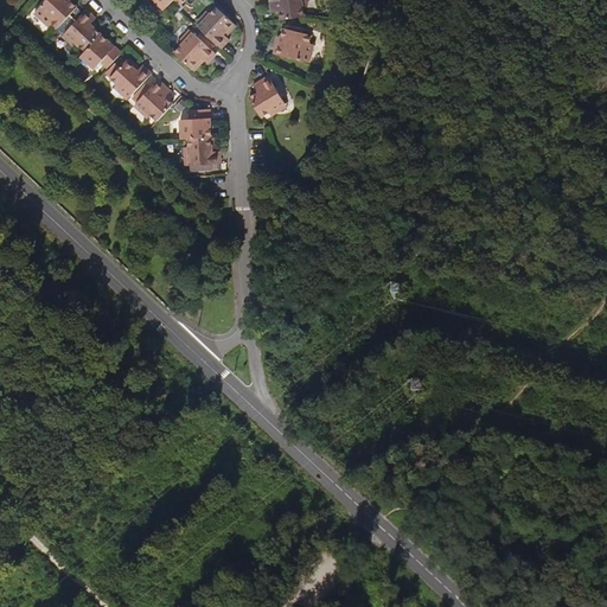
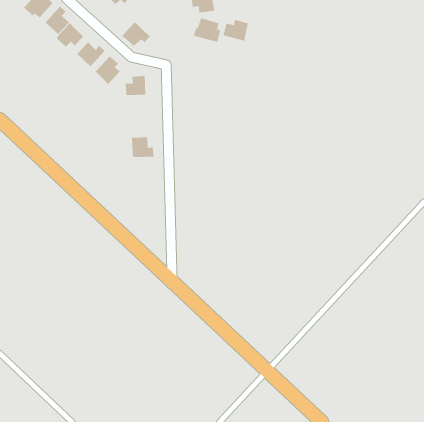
building: [197,5,232,46] -> none
building: none -> [223,19,249,42]
building: [250,77,287,117] -> none
building: [185,135,218,165] -> [131,137,154,158]

